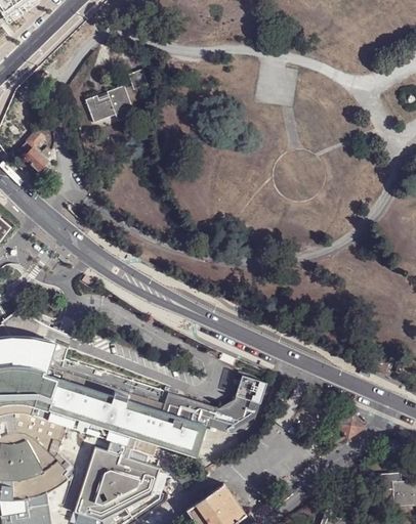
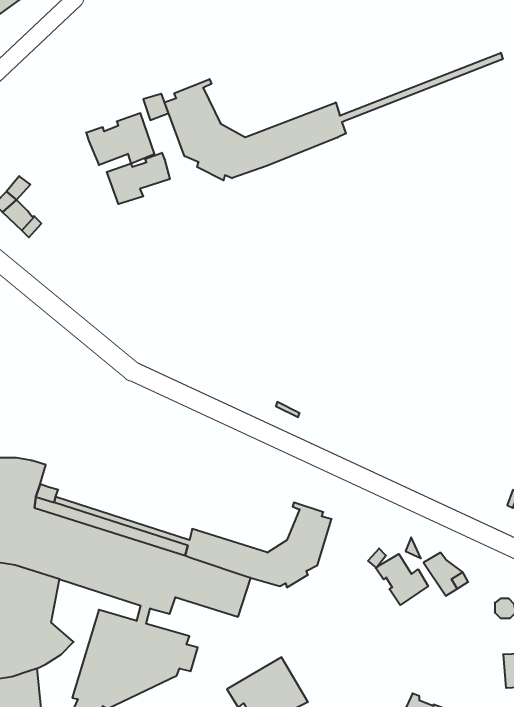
building: none -> [164,53,503,180]
building: none -> [107,153,170,204]
building: none -> [376,554,428,605]

